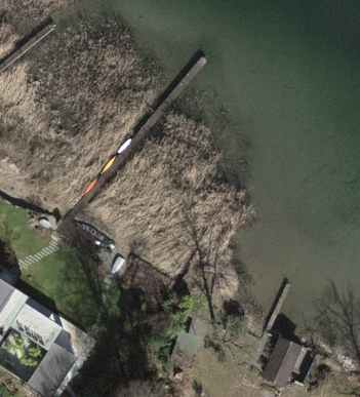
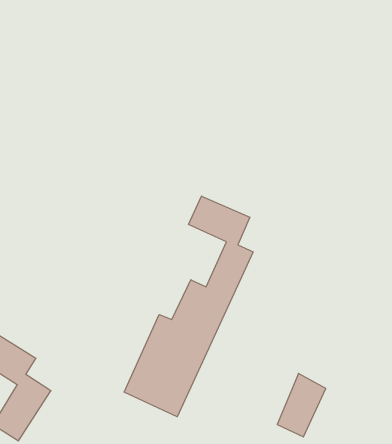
building: none -> [124,196,253,417]

